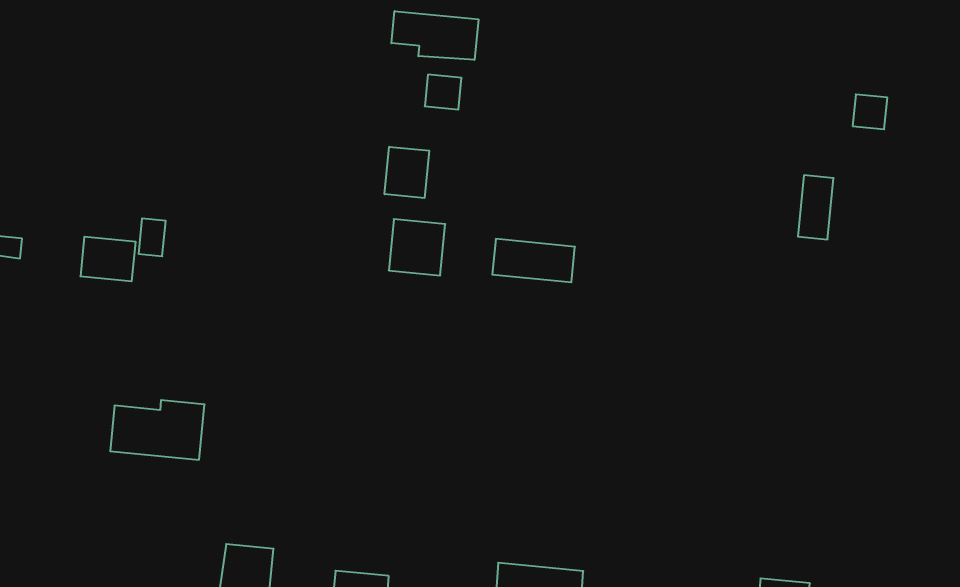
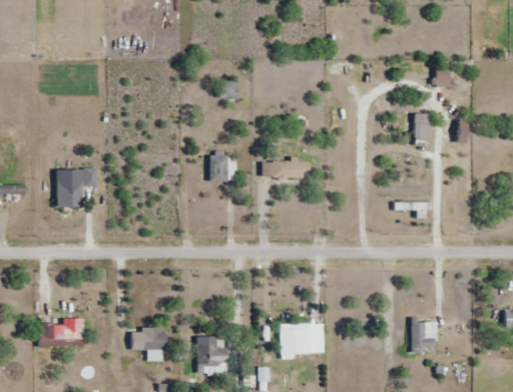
building: [391,11,478,60] -> none
building: [385,147,429,198] -> none
building: [110,400,205,460] -> [38,318,83,346]

